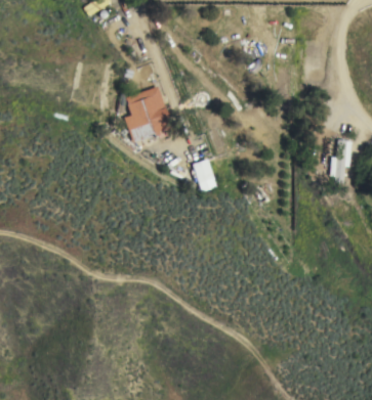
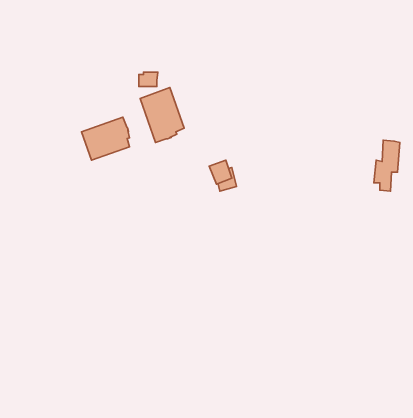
building: none -> [82,117,130,160]

